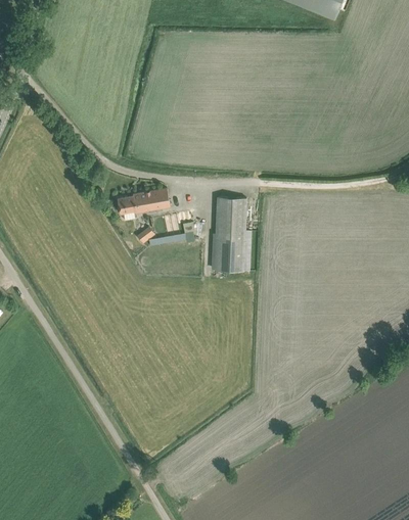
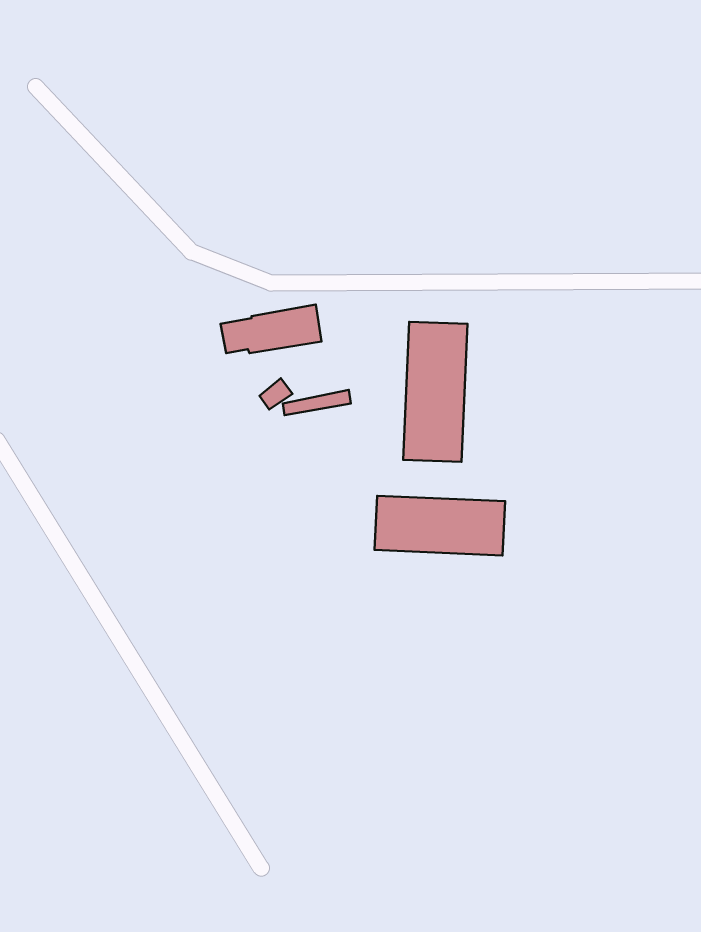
building: none -> [375,496,505,555]

